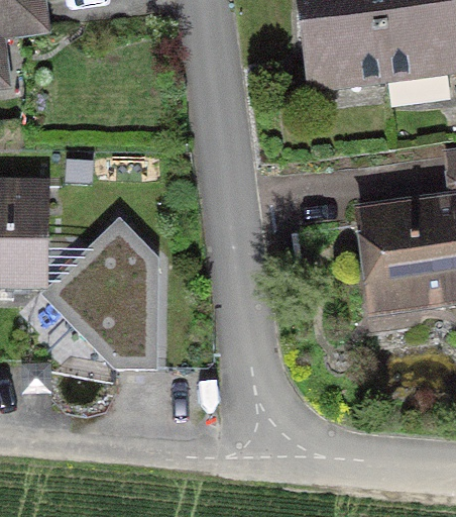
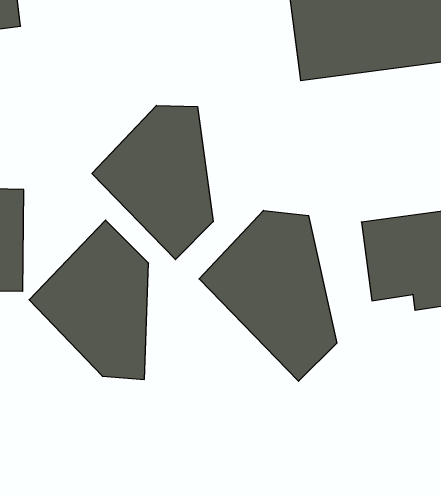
building: none -> [92,105,213,260]
building: none -> [199,210,337,381]

